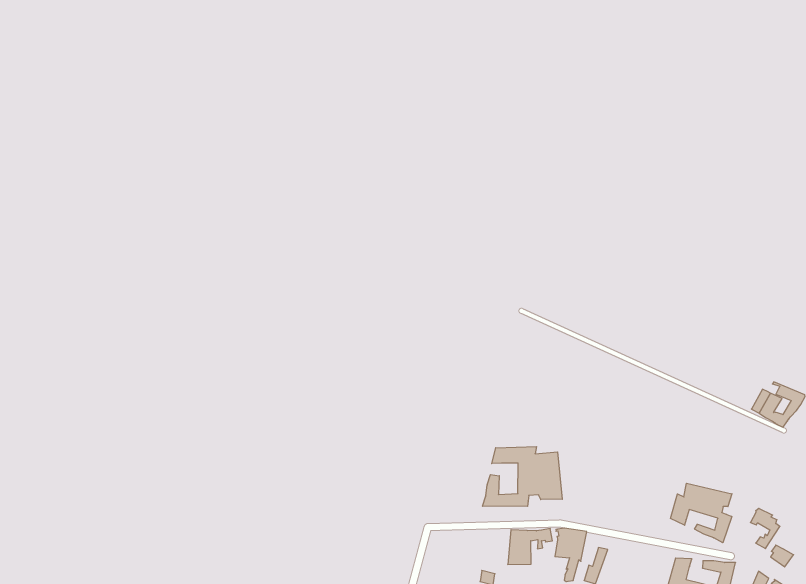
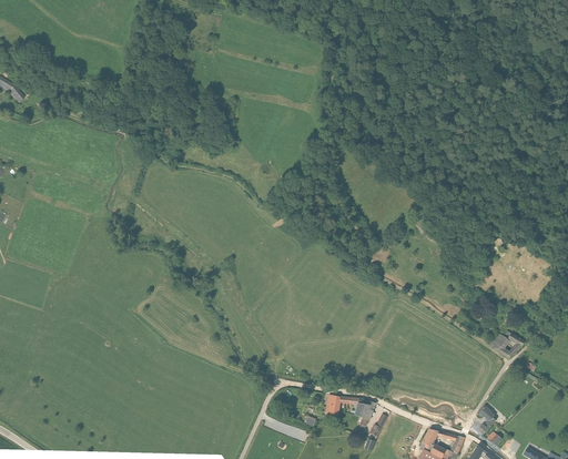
building: [483,447,562,506] -> none
building: [671,483,732,543] -> none

